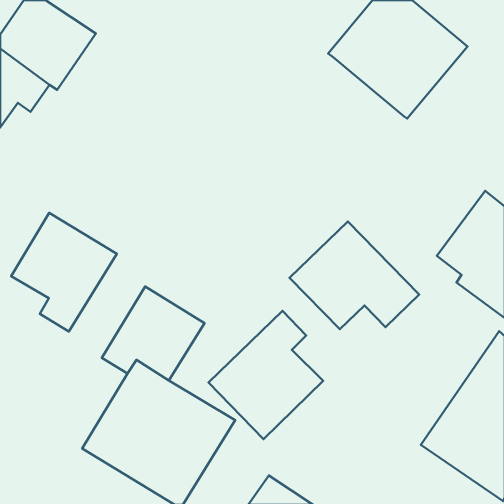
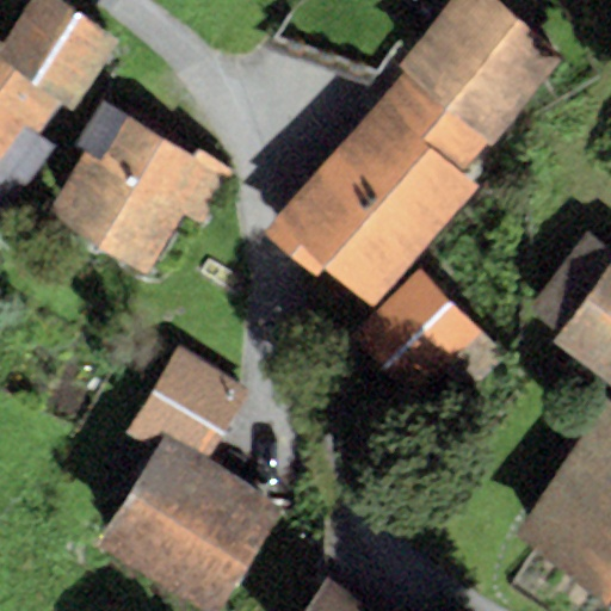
building: none -> [261,70,489,310]
building: none -> [45,101,234,277]
building: [11,213,117,332] -> none
building: [208,311,323,439] -> none

